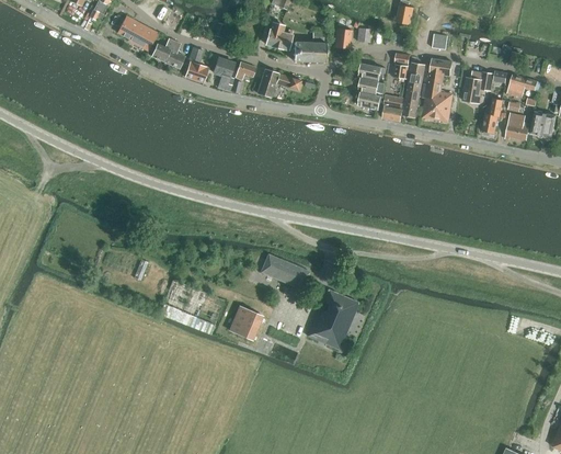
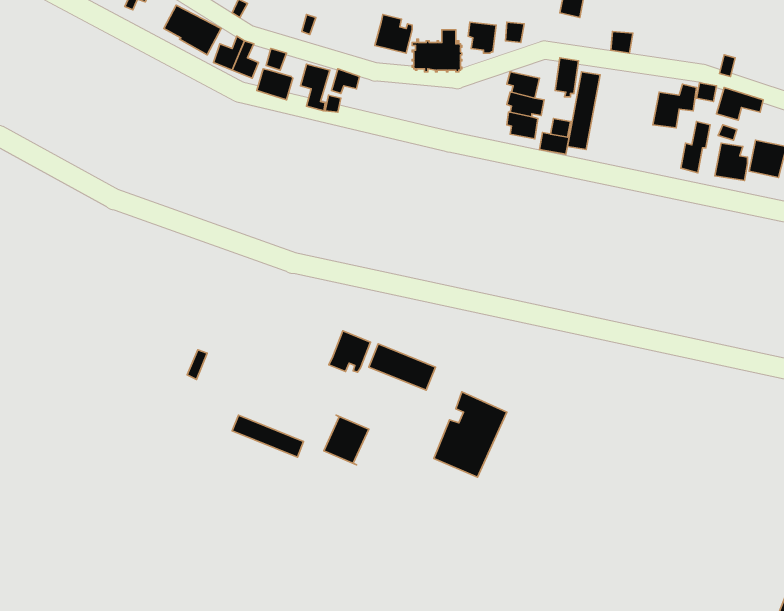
building: [423,58,453,121] -> none
building: [257,68,300,97] -> none
building: none -> [329,331,370,372]

